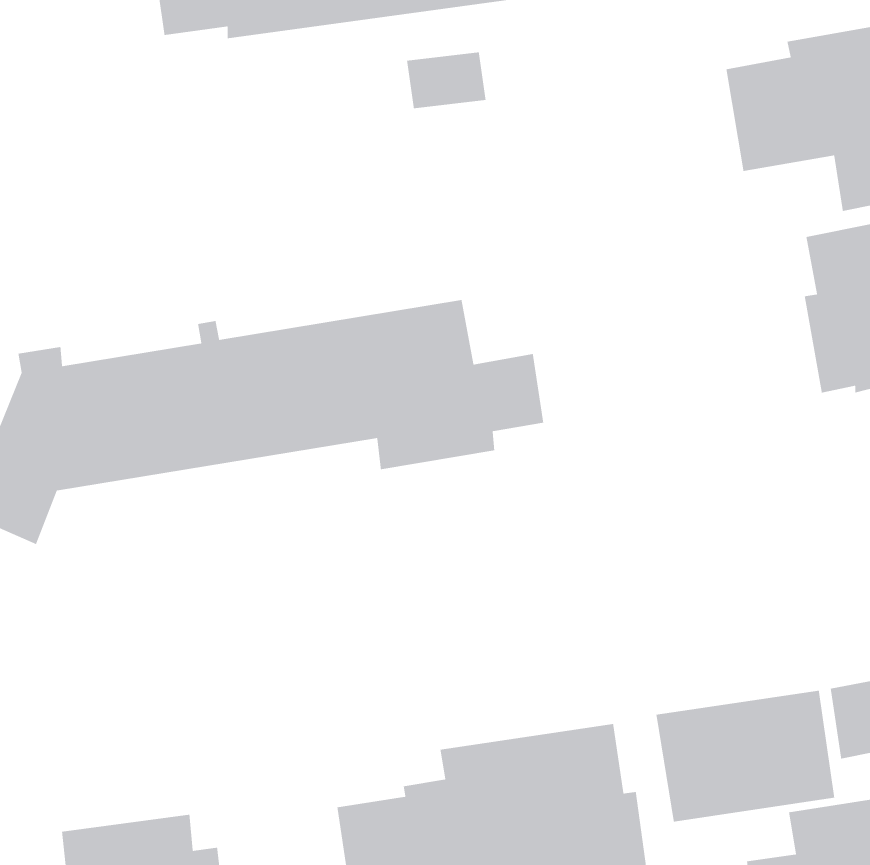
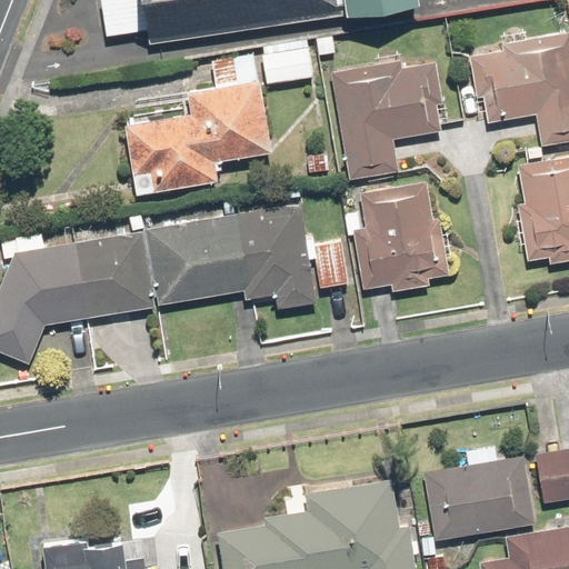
building: none -> [122,57,271,197]
building: none -> [333,62,450,177]
building: none -> [348,184,450,291]

